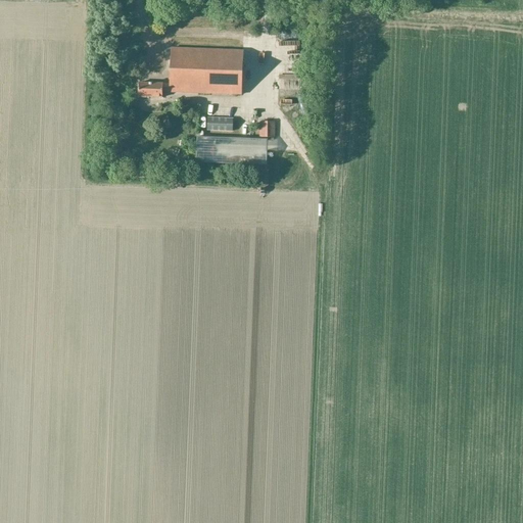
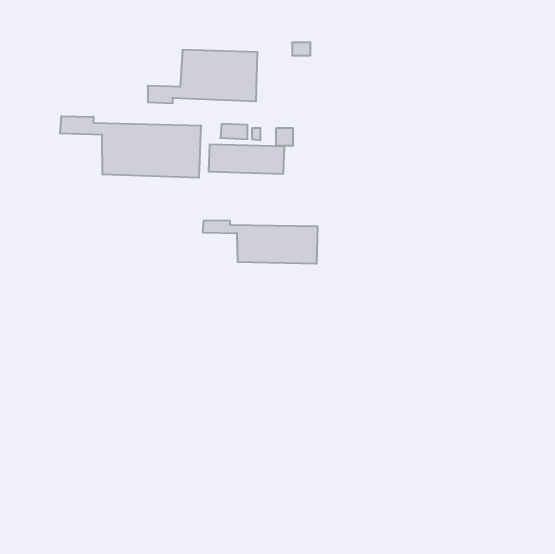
building: none -> [60,116,201,178]
building: none -> [203,220,318,264]

